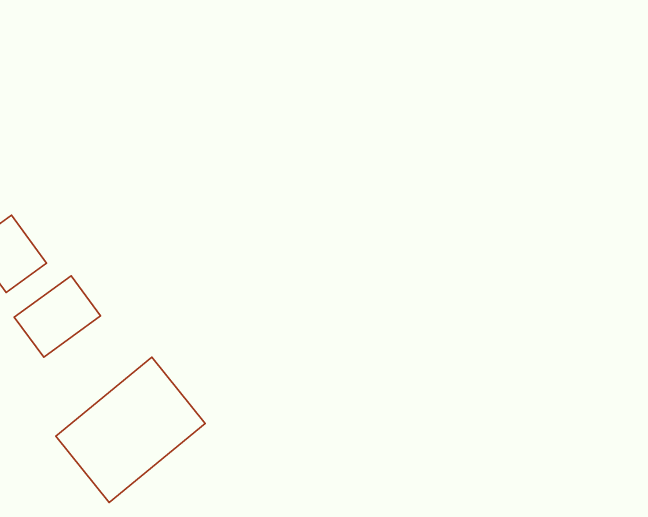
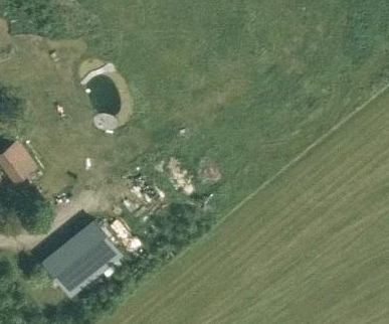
building: [14,276,101,357] -> none

